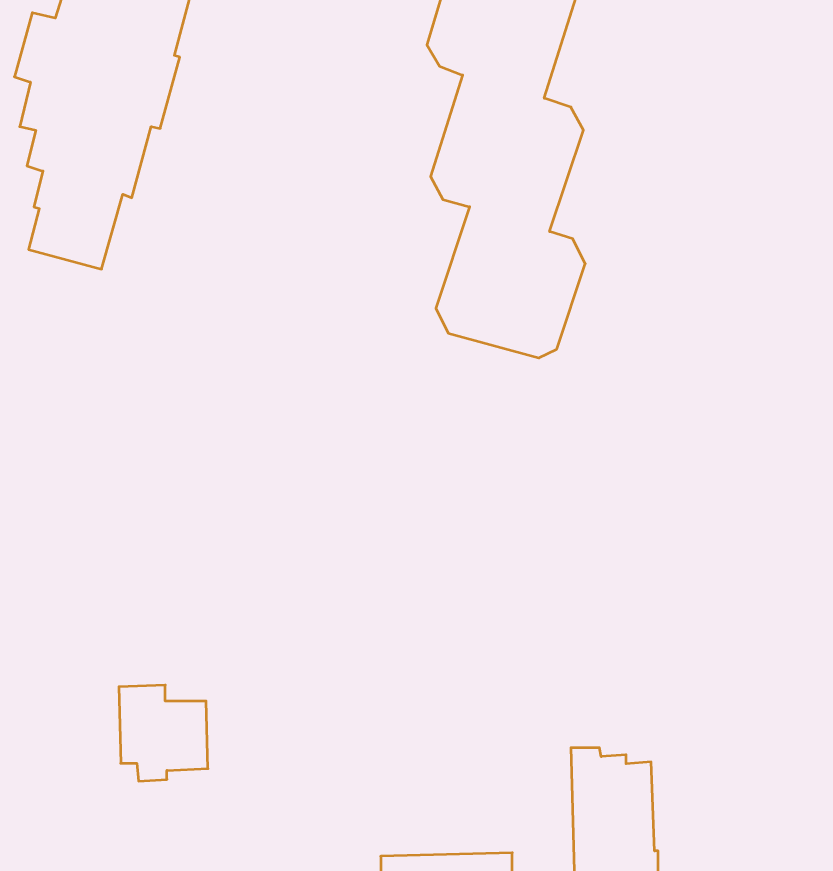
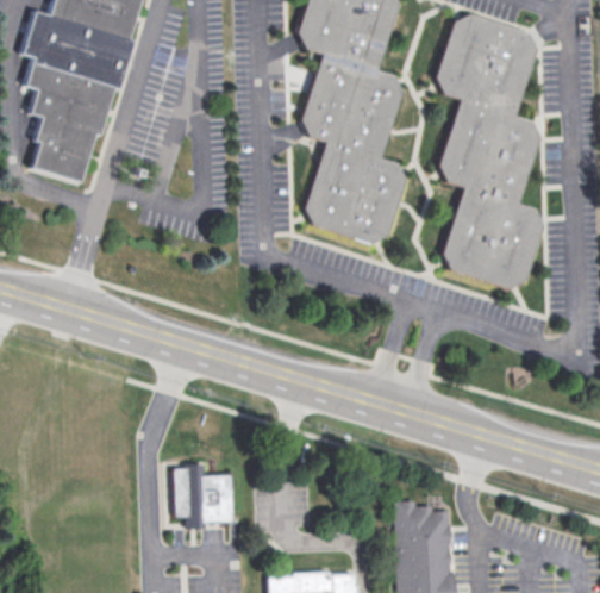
building: none -> [436,13,542,287]
building: [119,685,208,781] -> [174,464,233,529]

